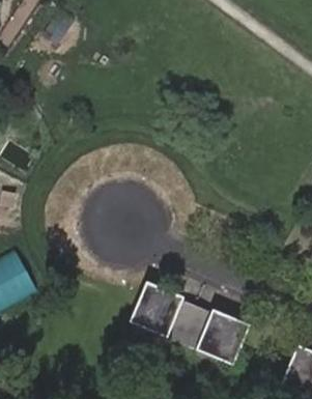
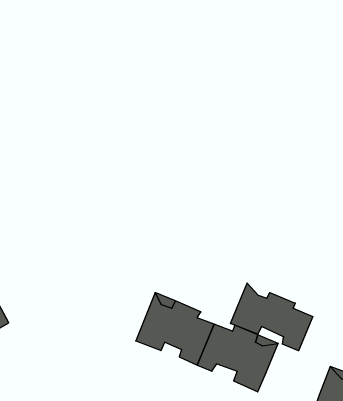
building: none -> [231,283,313,351]

